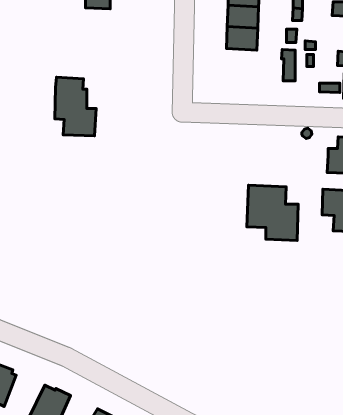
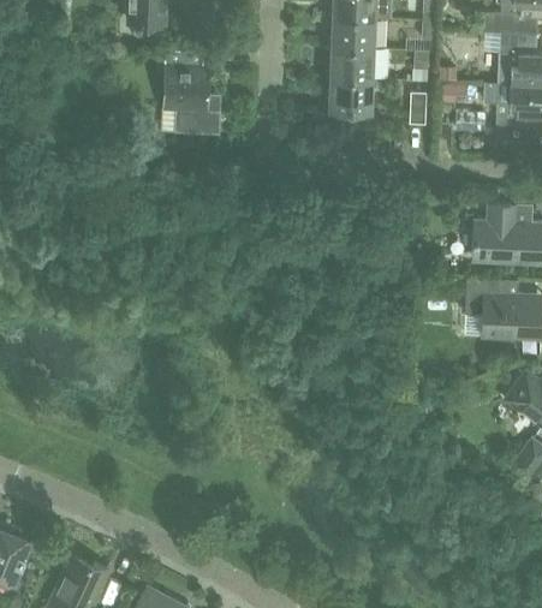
building: none -> [327,78,373,112]
building: [55,77,96,136] -> [163,49,222,132]
building: [247,185,298,240] -> none

